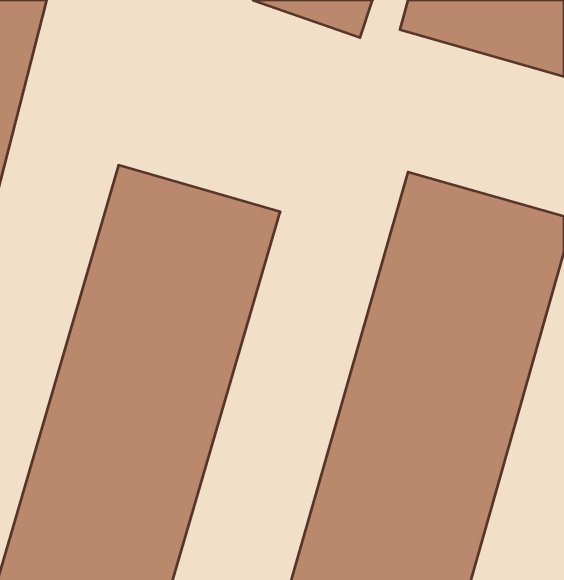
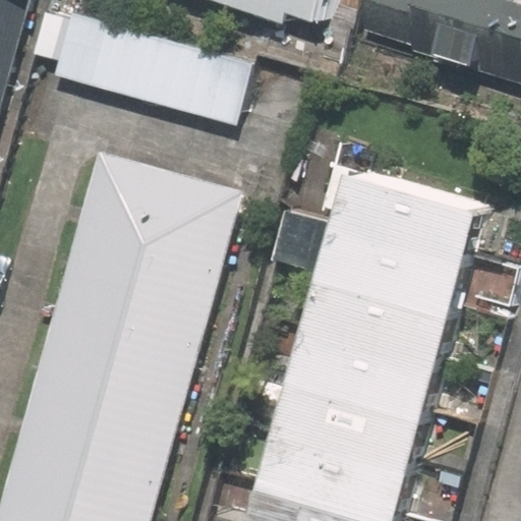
building: none -> [58,7,258,123]

